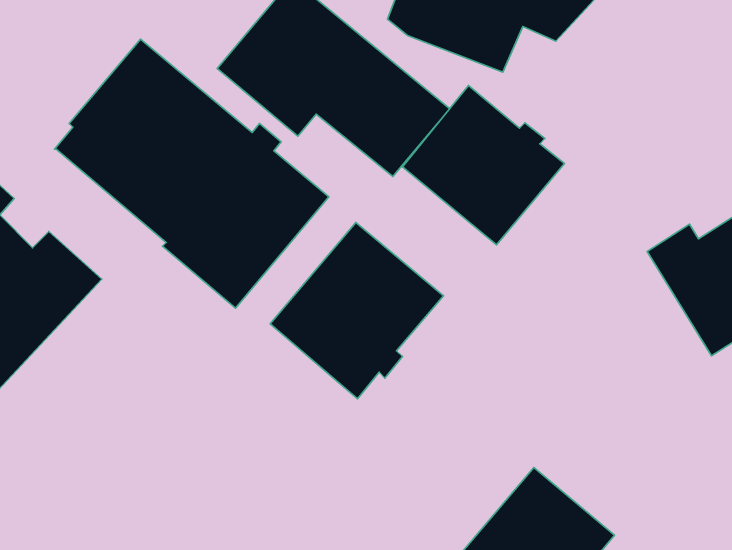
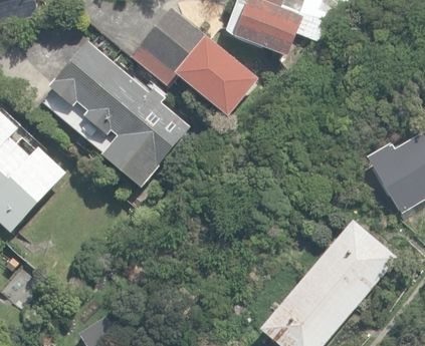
building: [402,86,565,245] -> none
building: [270,223,443,399] -> none
building: none -> [304,218,397,312]

